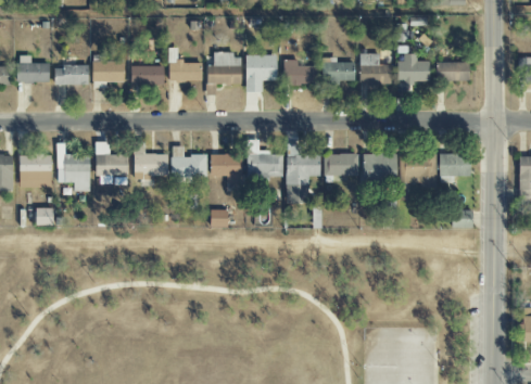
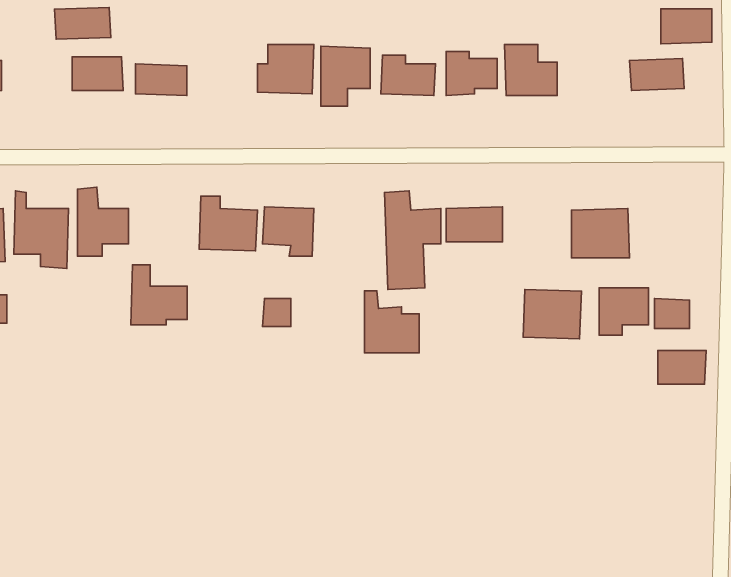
building: [169,48,202,81] -> none
building: [399,61,430,82] -> [661,9,712,44]
building: [54,65,89,85] -> [54,8,111,39]
building: [250,140,283,178] -> [364,291,419,353]
building: [134,141,168,178] -> [131,265,187,325]
building: [362,153,397,183] -> [523,290,581,339]
building: [440,153,470,182] -> [599,288,649,335]
building: none -> [658,351,706,384]

